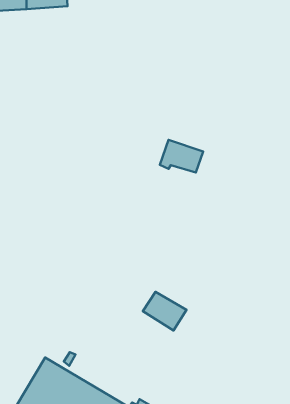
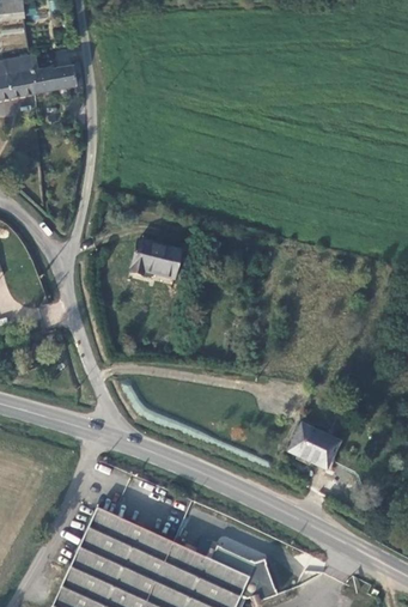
building: [160,140,203,173] -> [130,241,181,277]
building: [143,292,187,330] -> [287,426,340,471]

